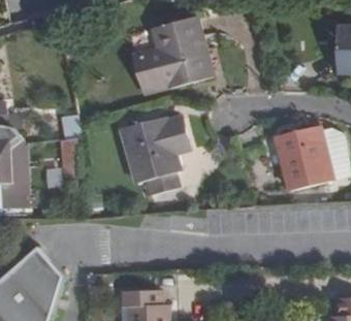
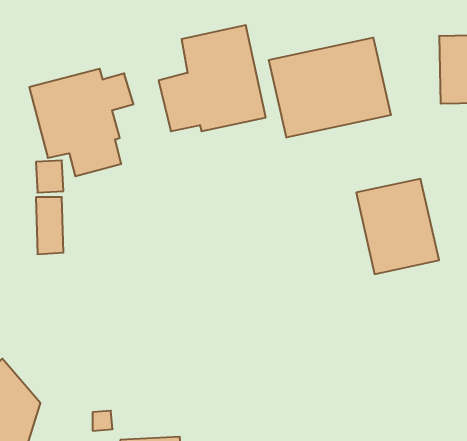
building: none -> [269,38,391,138]
building: [119,119,189,191] -> [29,69,134,176]

